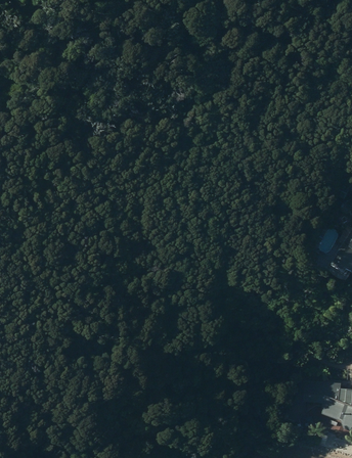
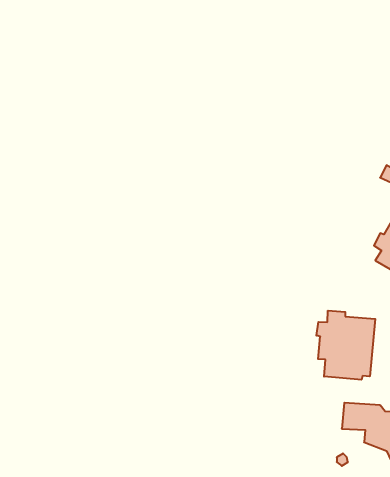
building: none -> [316,311,375,380]

